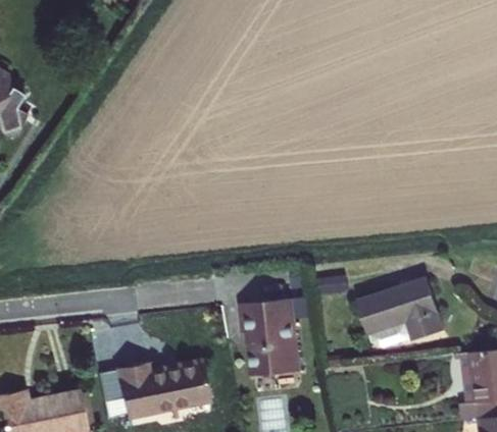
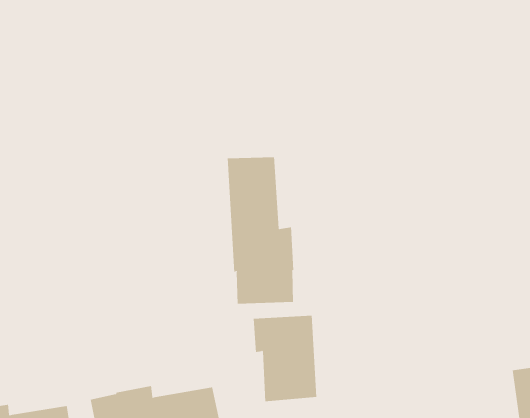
building: none -> [227,156,294,305]
building: [345,277,426,340] -> none

